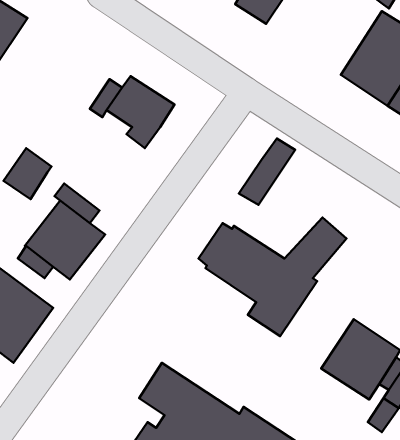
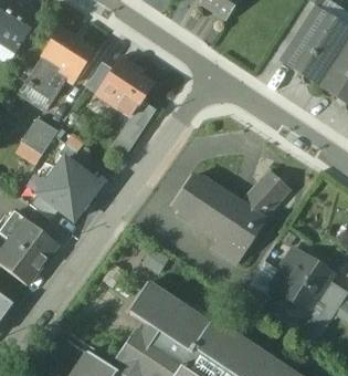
building: none -> [24,28,96,102]
building: [239,139,295,205] -> [113,100,157,152]

